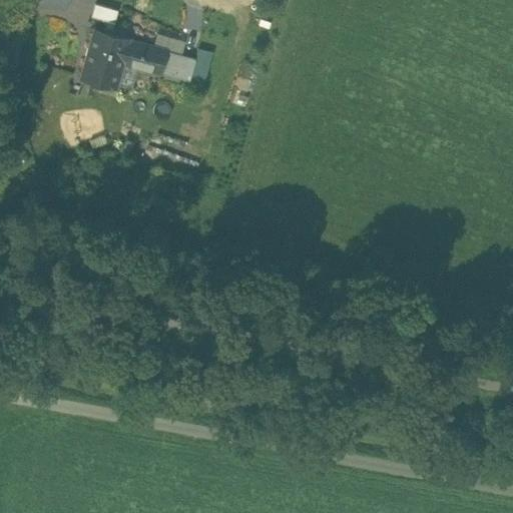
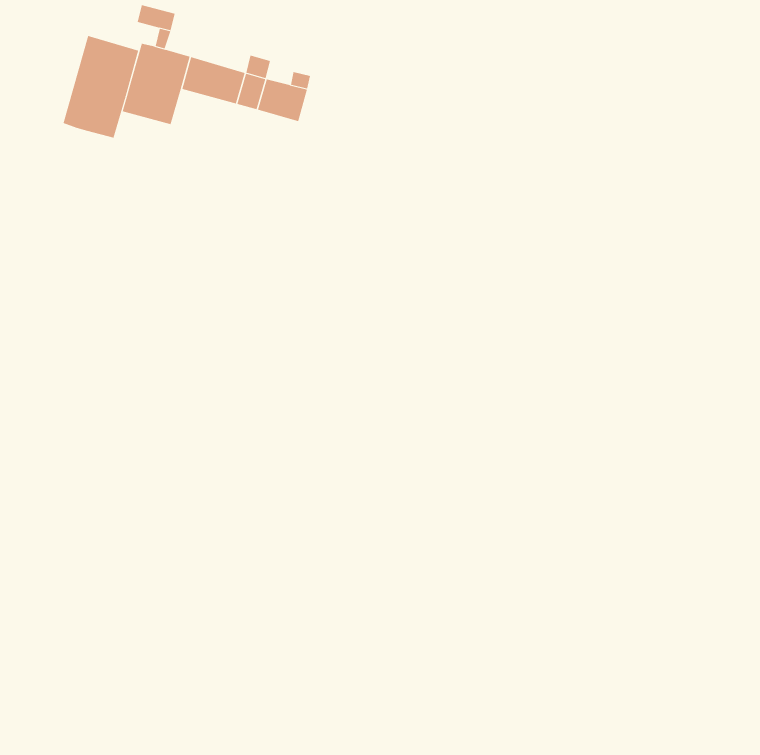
building: none -> [63,35,139,139]

